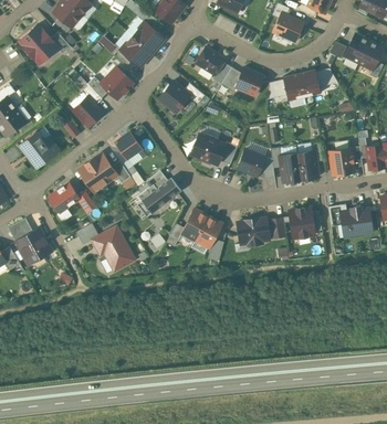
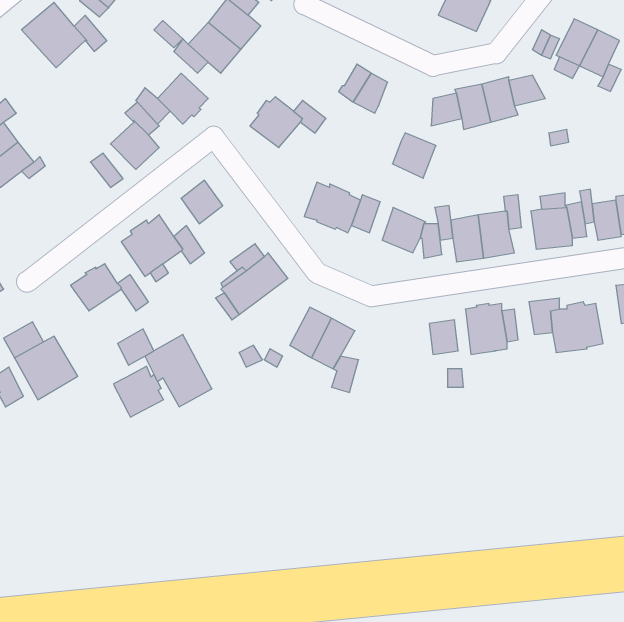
building: [195,46,224,75] -> none
building: [236,68,262,96] -> [392,133,436,178]
building: [19,131,57,167] -> none
building: [236,218,269,245] -> none
building: none -> [114,366,163,417]

